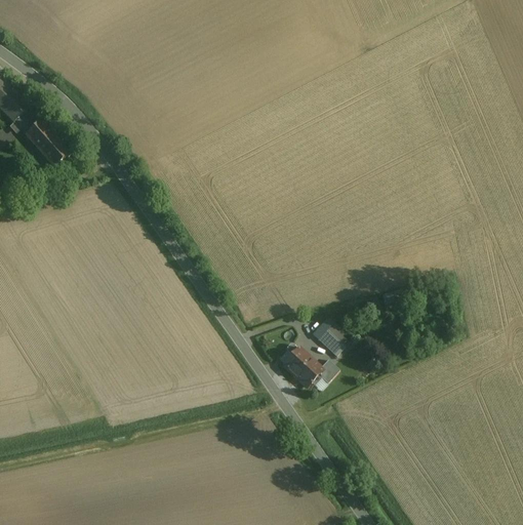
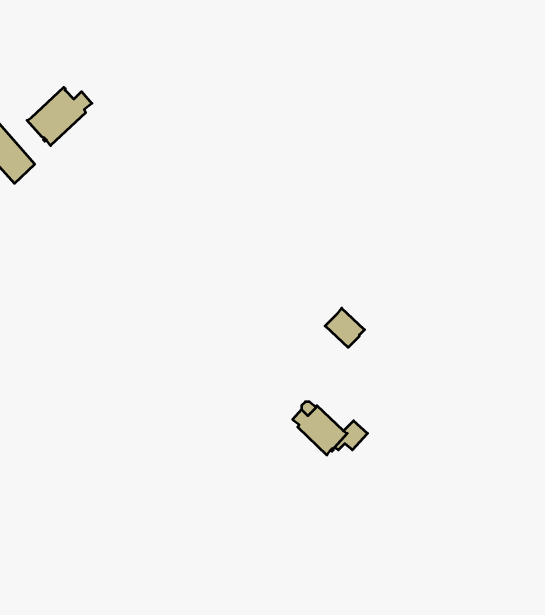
building: none -> [27,87,92,146]
building: [313,320,345,352] -> [325,308,365,347]

